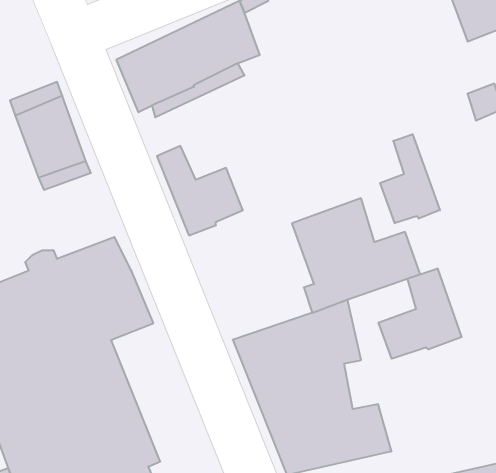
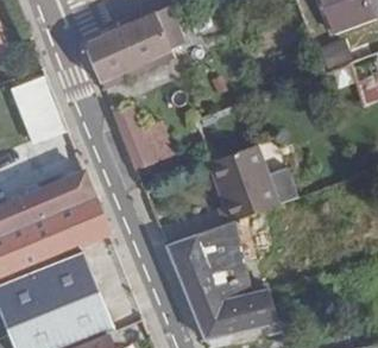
building: [380,134,440,223] -> none
building: [379,268,462,359] -> none

